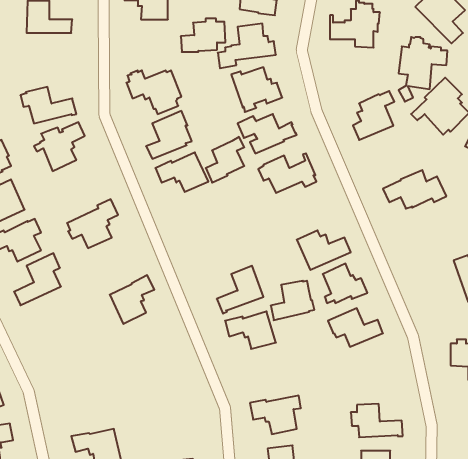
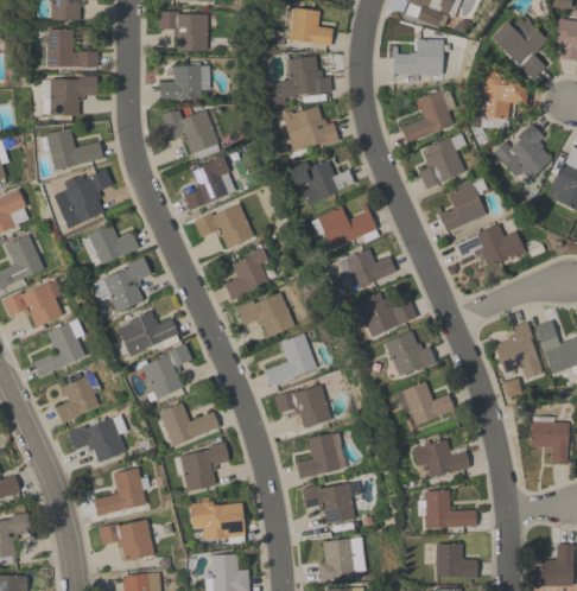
building: [181,19,225,52] -> [159,62,210,100]
building: none -> [50,75,97,115]
building: none -> [400,89,455,144]
building: none -> [436,178,487,231]
building: [206,137,244,183] -> [224,248,268,300]
building: none -> [83,220,139,265]
building: none -> [336,248,395,288]
building: none -> [235,292,294,337]
building: none -> [118,310,178,356]
building: none -> [494,322,543,379]
building: [271,281,314,320] -> [296,433,345,478]
building: none -> [55,374,99,424]
building: none -> [158,402,220,446]
building: none -> [68,414,127,462]
building: none -> [412,439,470,477]
building: none -> [175,441,229,490]
building: none -> [93,468,151,516]
building: none -> [189,501,245,545]

